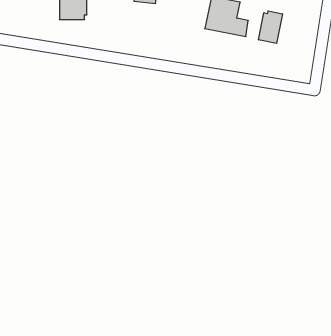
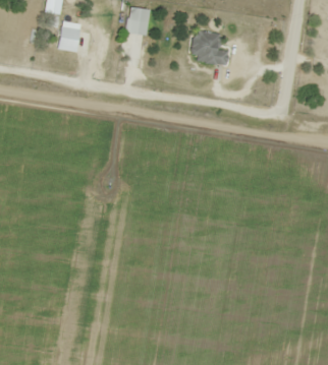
building: [259,11,282,43] -> none

